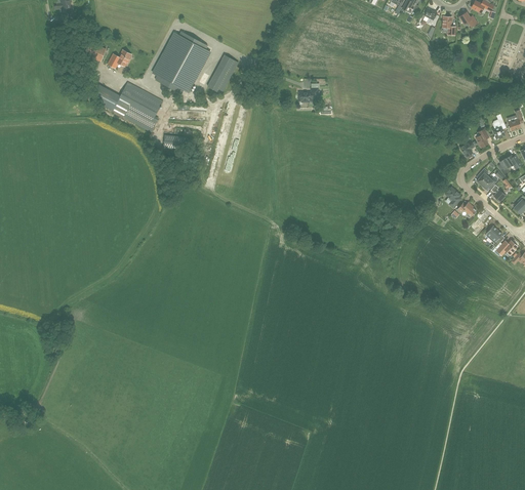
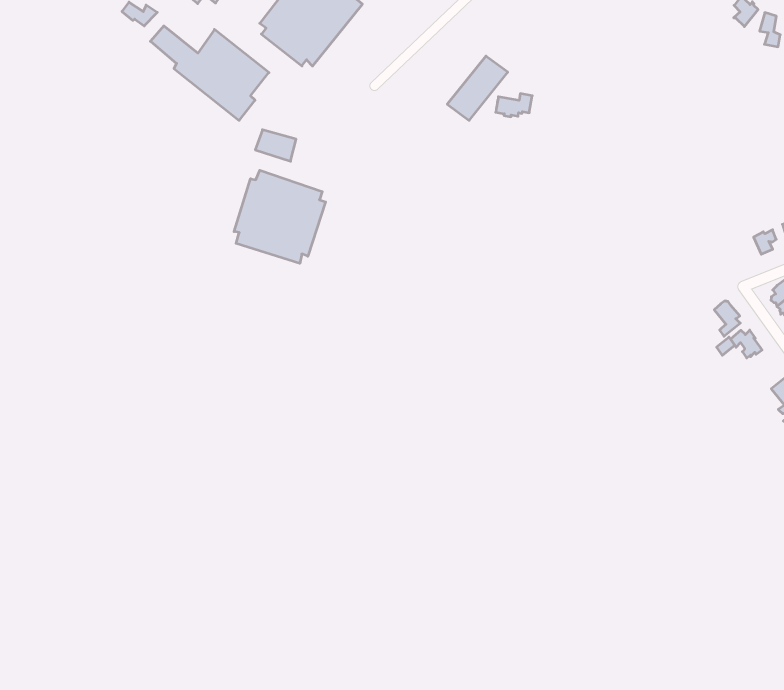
building: [207,54,239,93] -> [447,56,508,120]
building: none -> [234,170,326,263]

